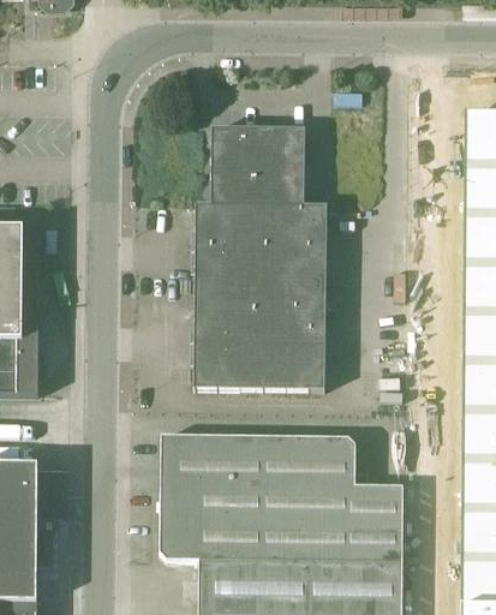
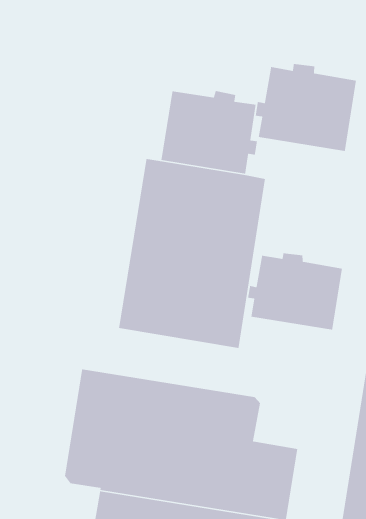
building: none -> [255,63,357,152]
building: none -> [247,252,343,331]

